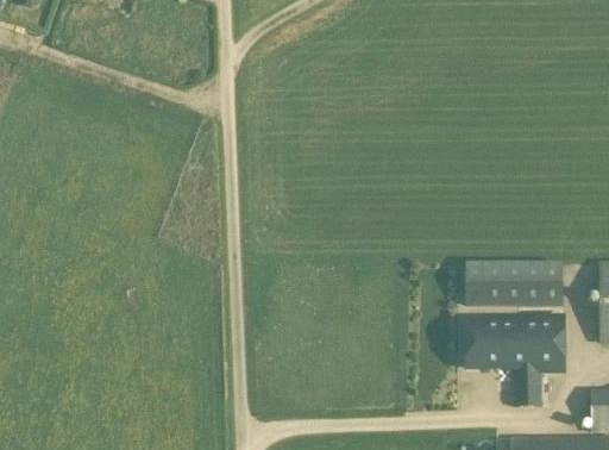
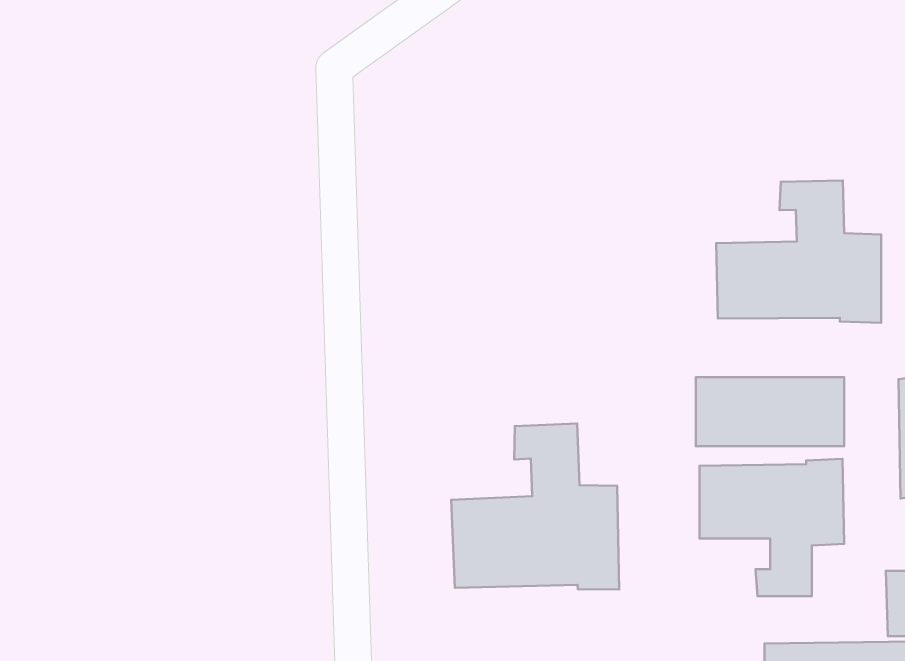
building: none -> [716,181,881,323]
building: none -> [451,423,619,590]

